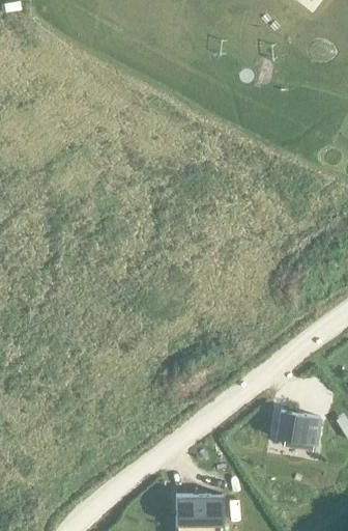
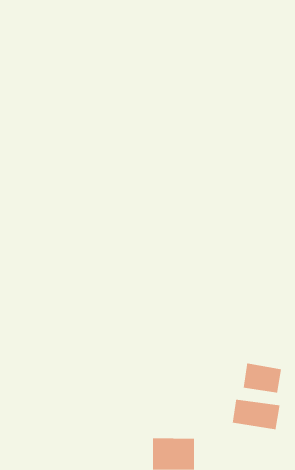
building: none -> [232,399,280,430]

